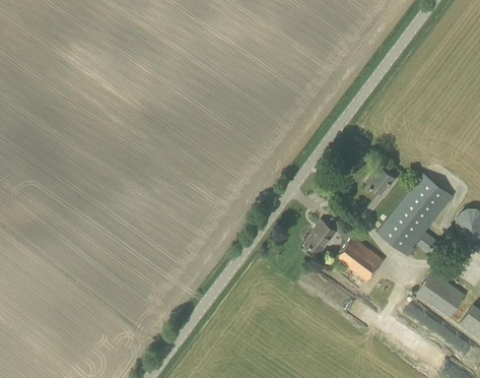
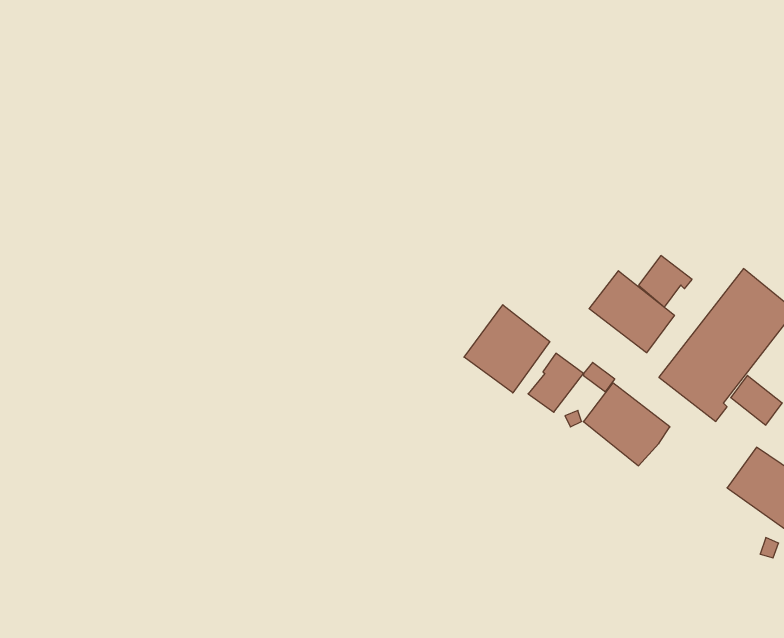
building: none -> [589,271,674,353]
building: none -> [464,305,550,393]

